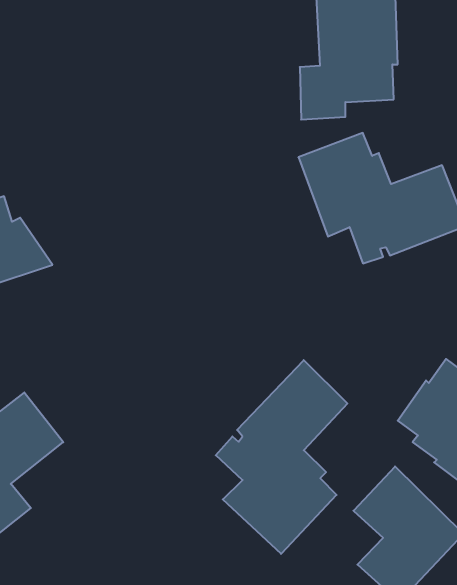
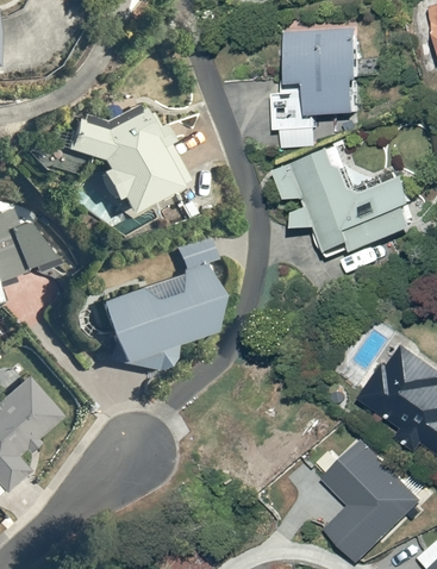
building: none -> [65,105,198,242]
building: none -> [100,233,221,373]
building: [216,360,347,554] -> none

